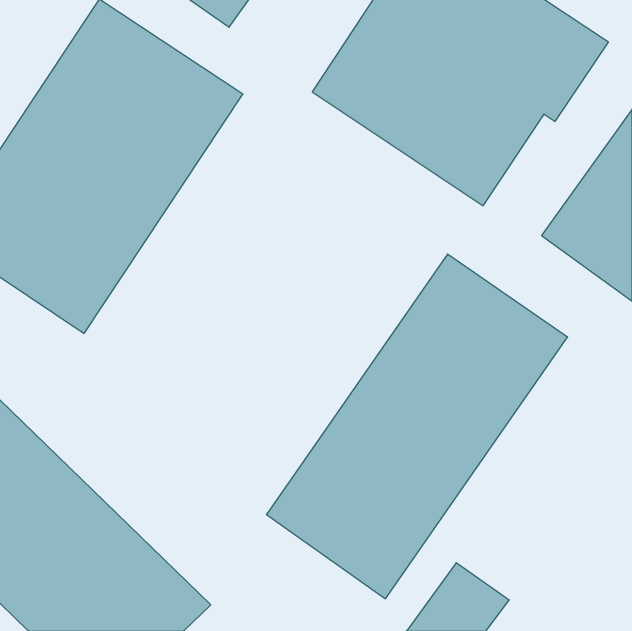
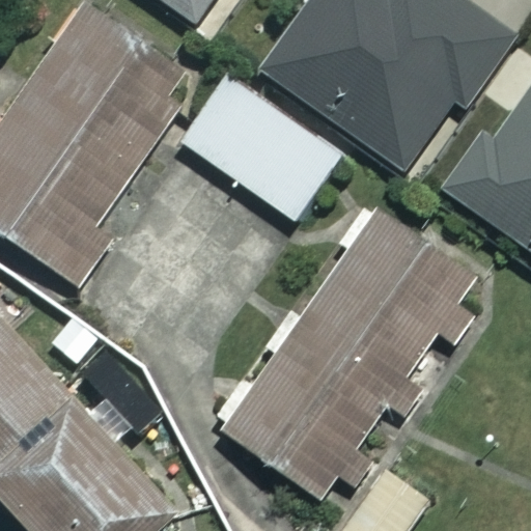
building: none -> [178,74,340,222]

